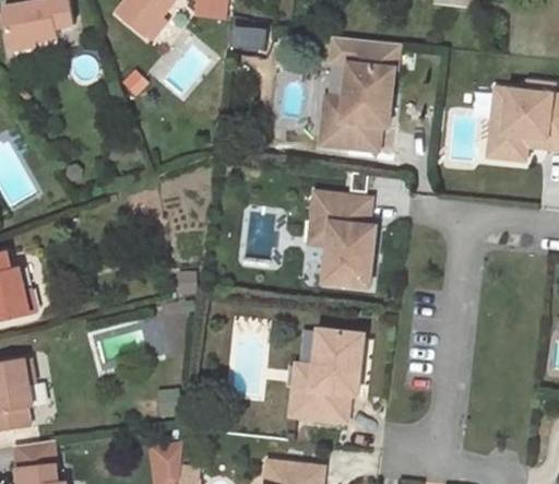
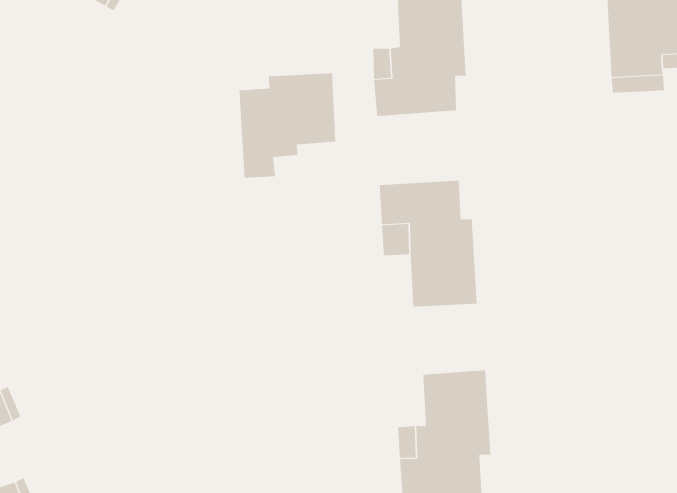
building: none -> [239,72,336,179]

